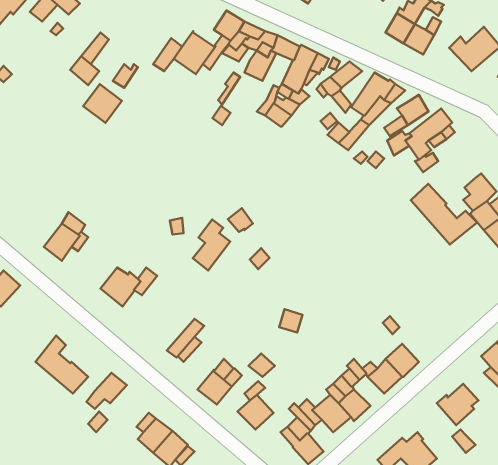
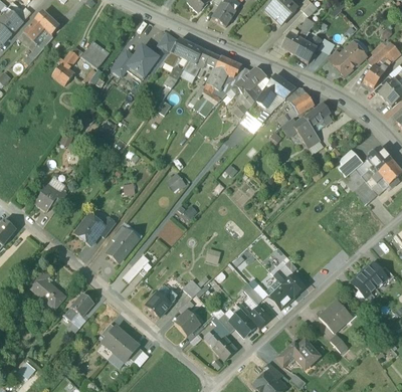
building: [83,84,122,123] -> [80,40,109,68]
building: [411,184,477,244] -> none
building: [193,219,230,271] -> [108,225,135,262]

